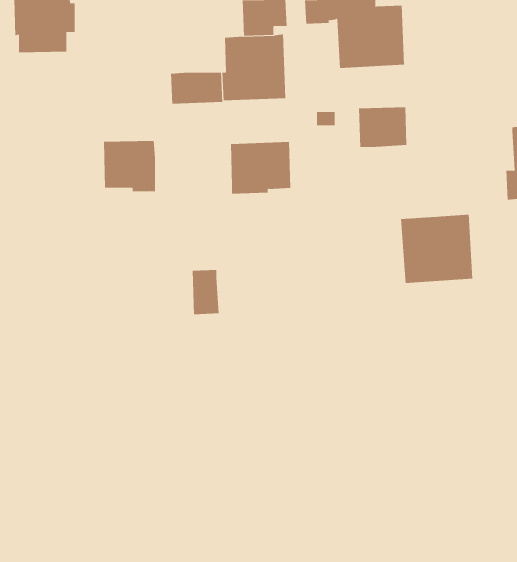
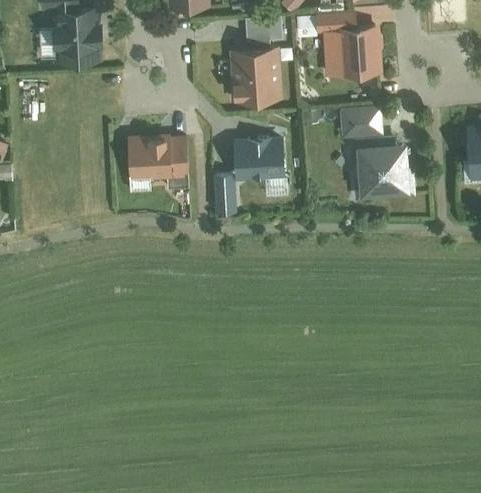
building: [171,72,223,105] -> none
building: none -> [167,151,189,190]
building: [400,214,473,284] -> [352,138,413,196]
building: [192,269,219,315] -> [214,174,237,212]

